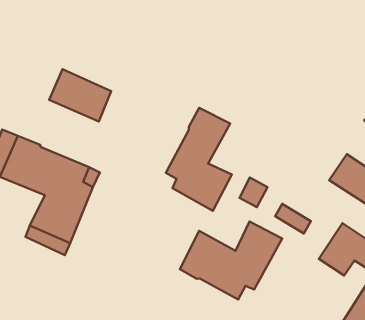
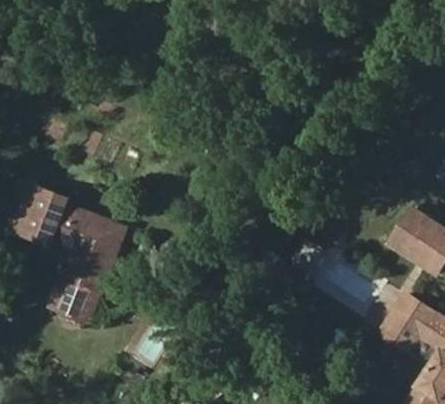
building: [49,69,111,121] -> none
building: [166,108,232,211] -> none
building: [180,221,282,299] -> none

